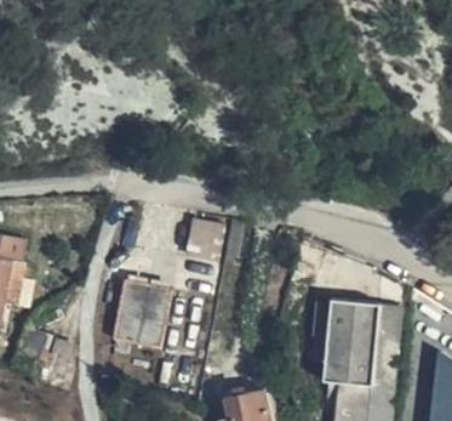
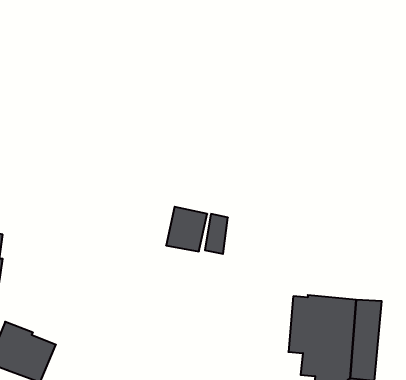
building: [111,279,168,348] -> none

